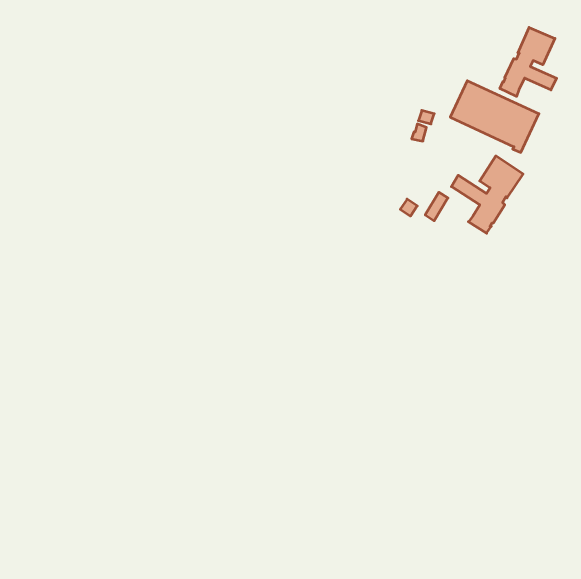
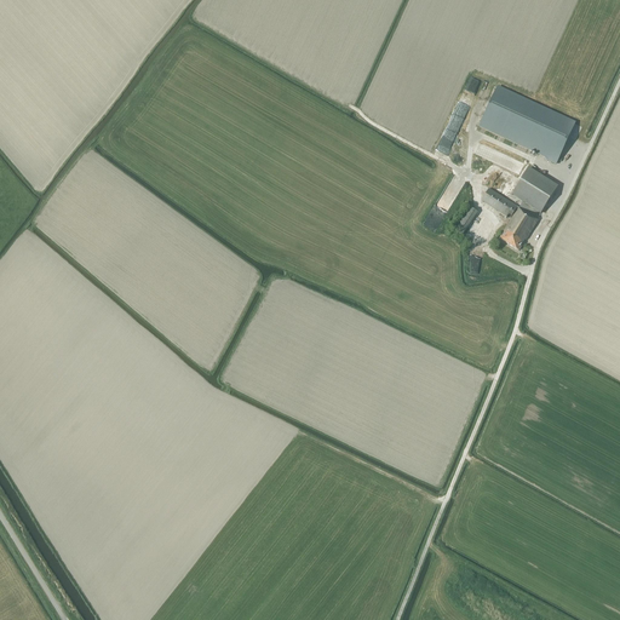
building: [500,27,557,96] -> none

